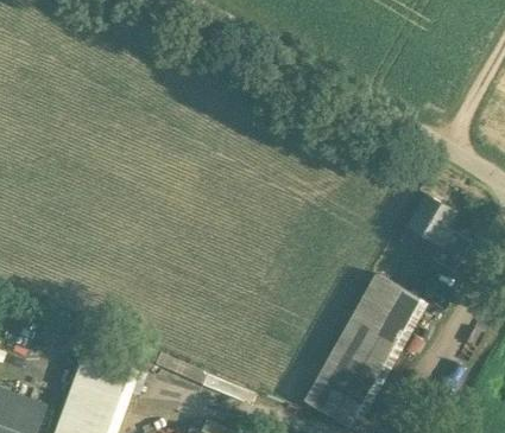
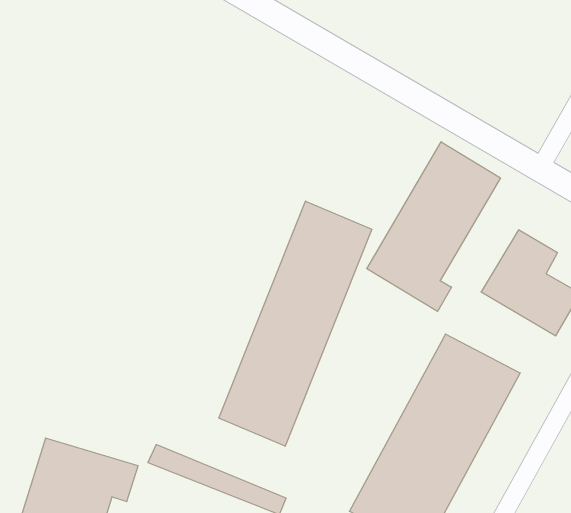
building: none -> [367,142,500,311]
building: none -> [219,201,372,446]

